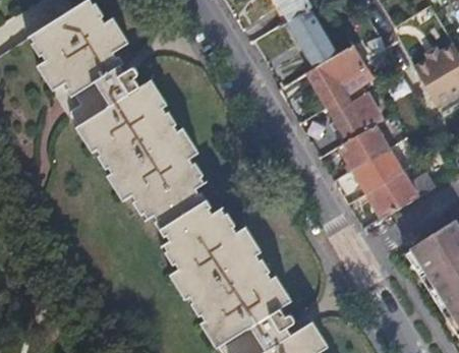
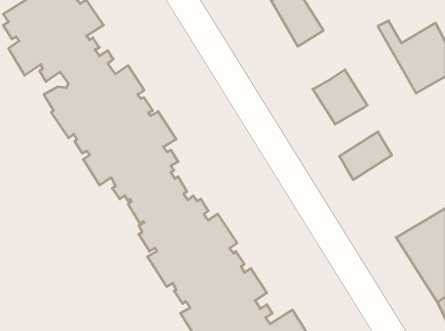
building: [306,42,365,106] -> none
building: [339,124,390,170] -> none
building: [366,169,435,217] -> none

